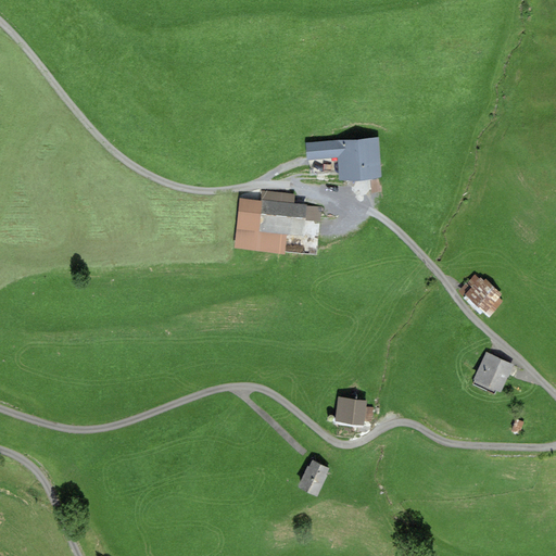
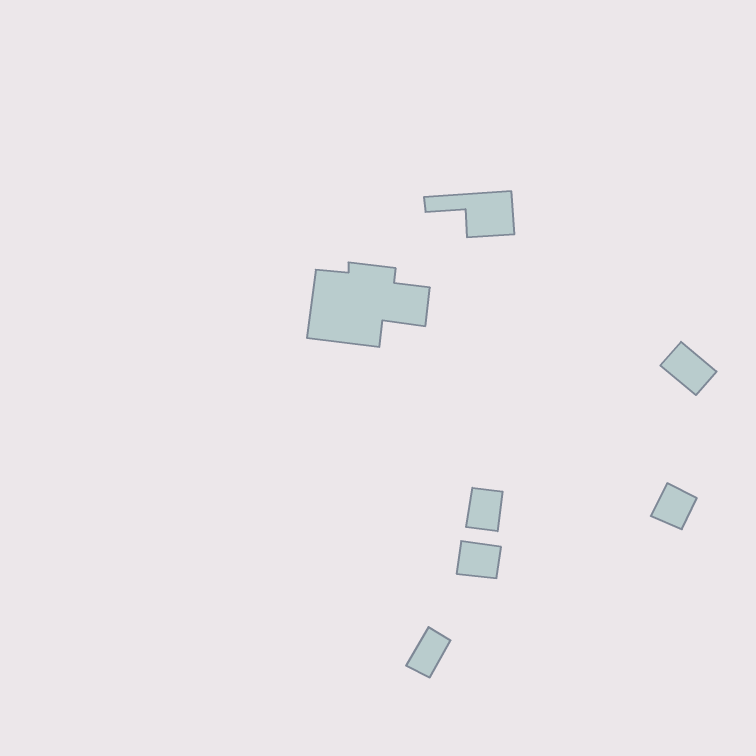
building: [465,277,506,316] -> [660,342,717,395]
building: none -> [466,488,503,531]

